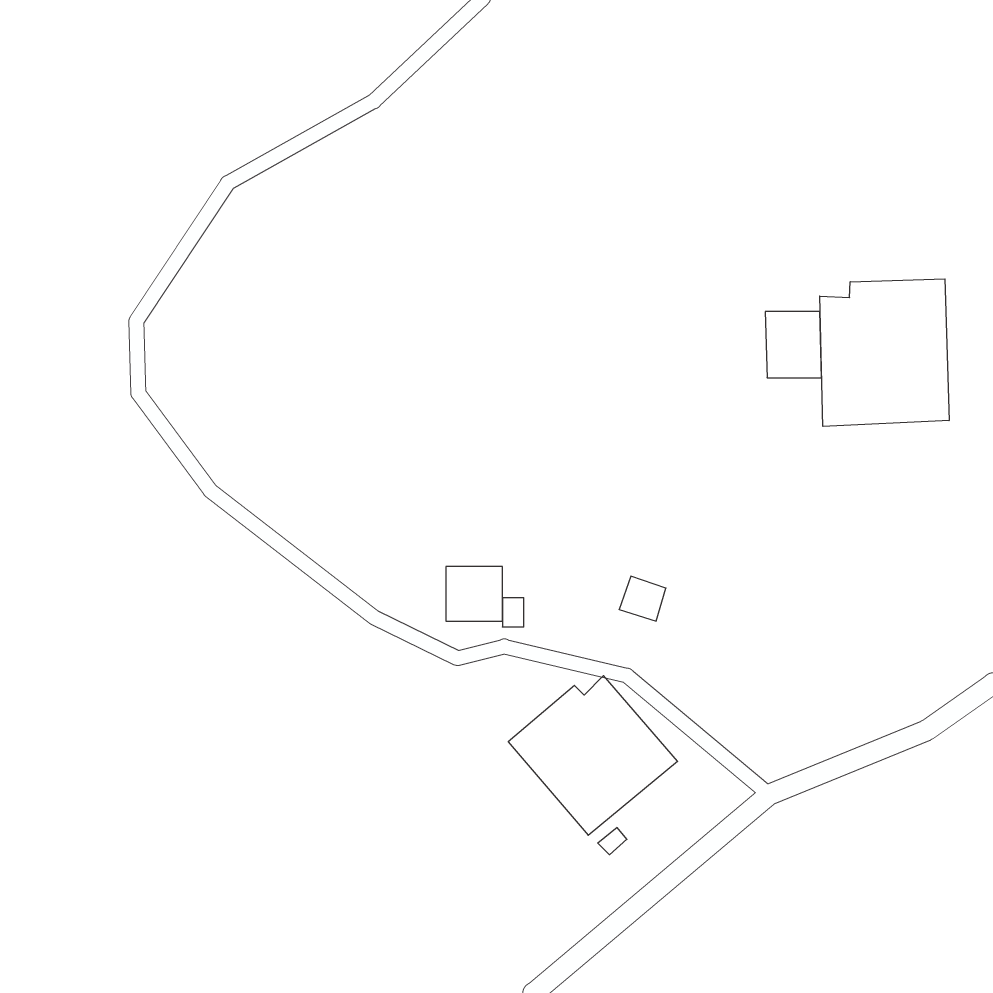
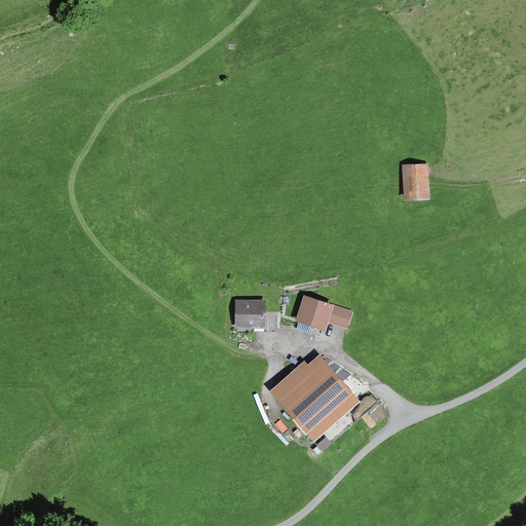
building: [820,279,949,426] -> none
building: none -> [294,294,333,331]

